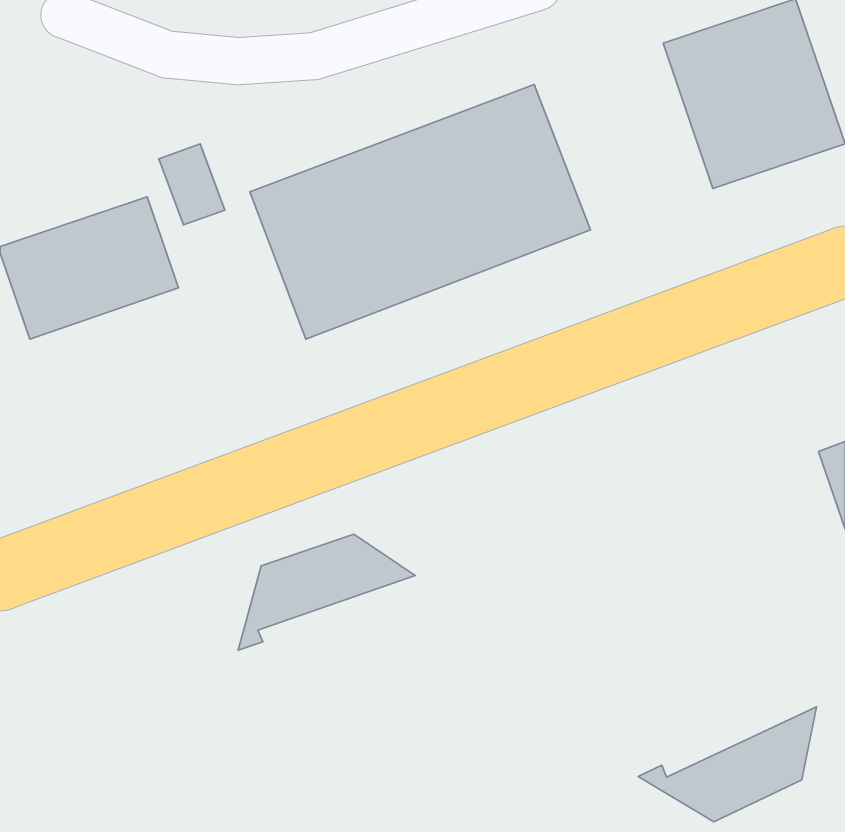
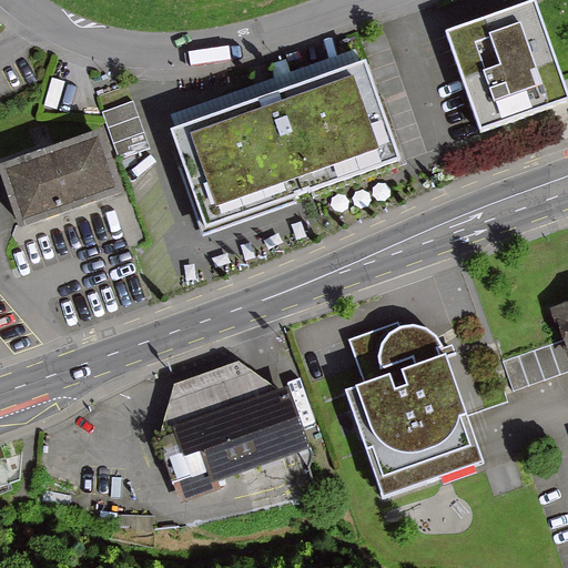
building: none -> [346,316,485,491]
building: none -> [160,384,306,490]
building: [638,707,817,822] -> none

